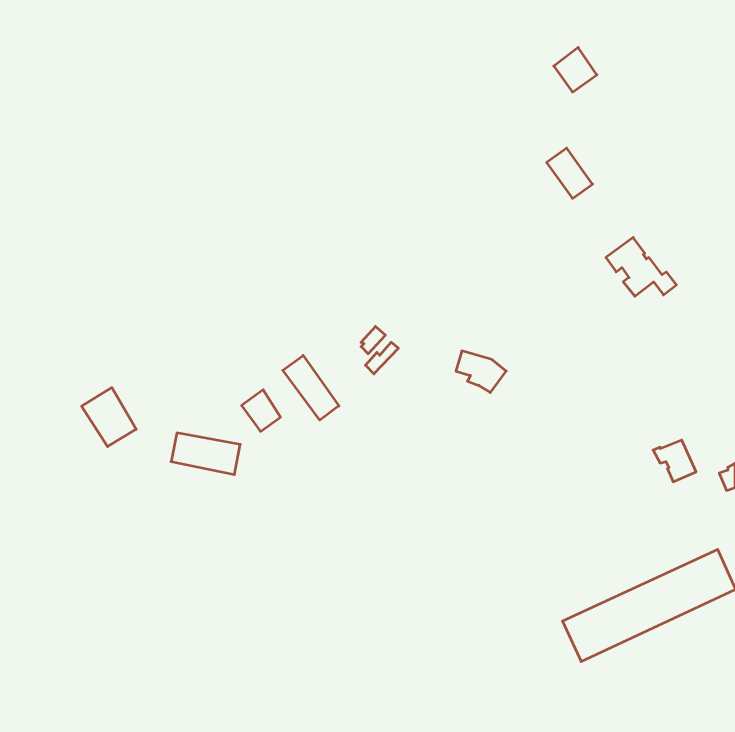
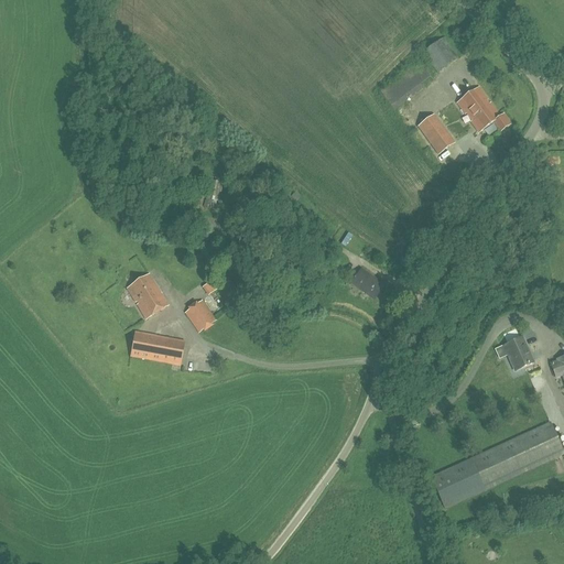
building: [606,237,676,296] -> [457,86,511,131]
building: [283,355,339,420] -> none
building: [82,388,136,447] -> [127,272,169,317]

